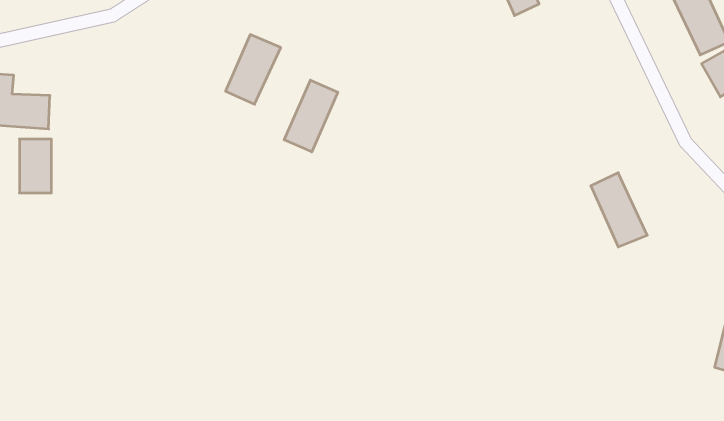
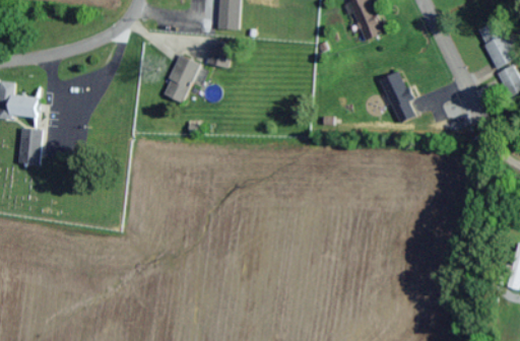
building: [284,80,338,152] -> none
building: [591,173,647,247] -> [380,71,419,123]

